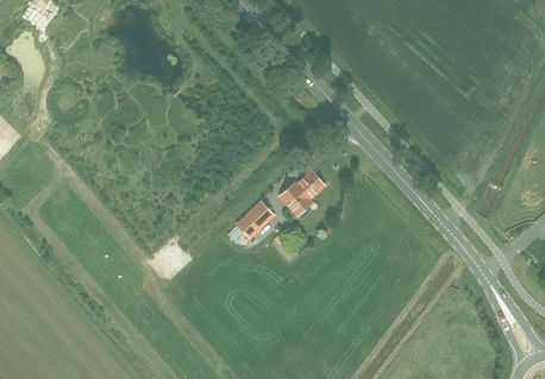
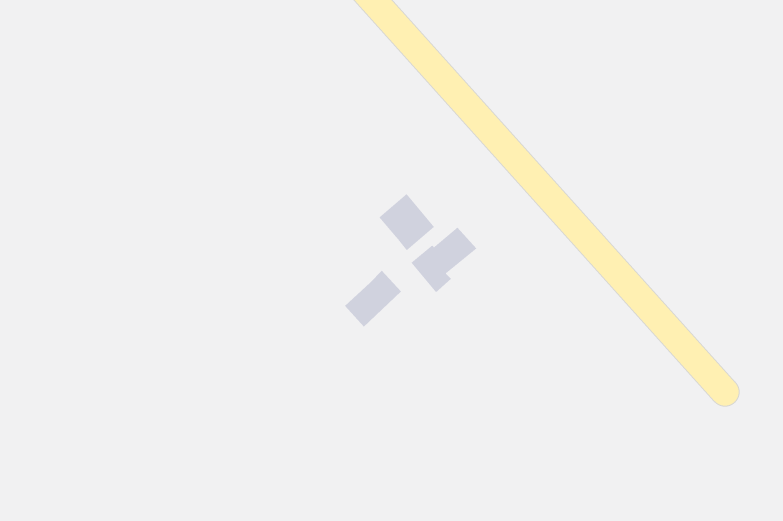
building: none -> [378,193,435,251]

